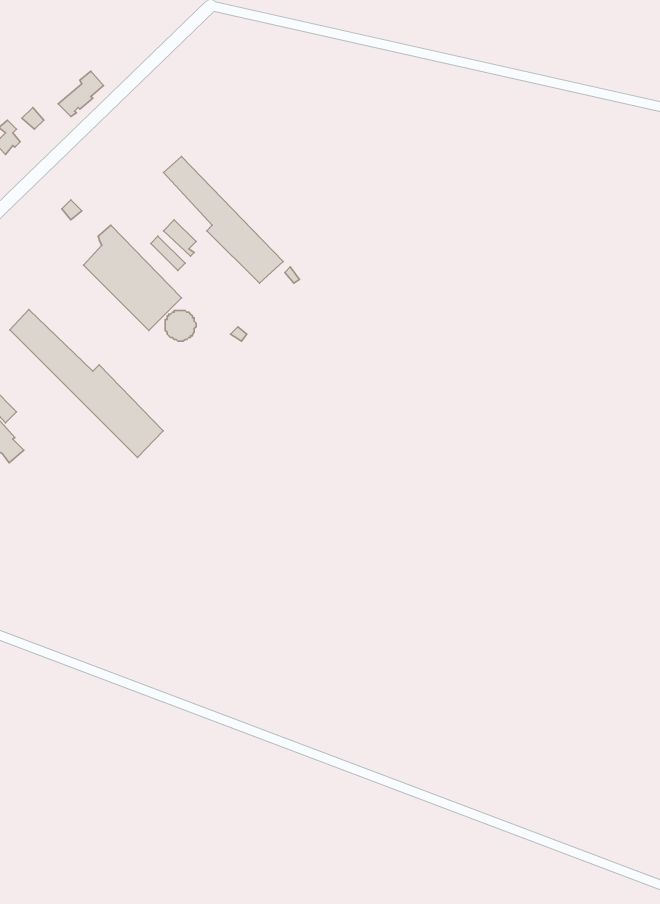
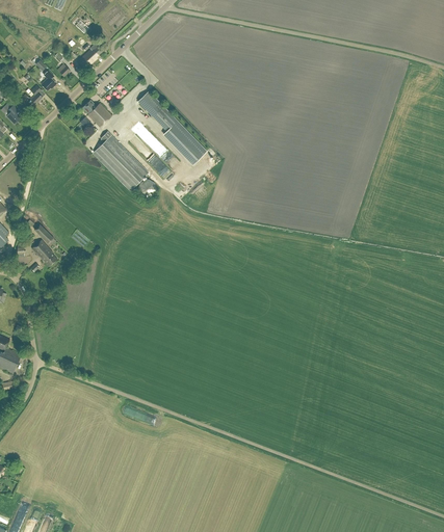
building: none -> [83,100,112,127]
building: [10,309,163,458] -> none

